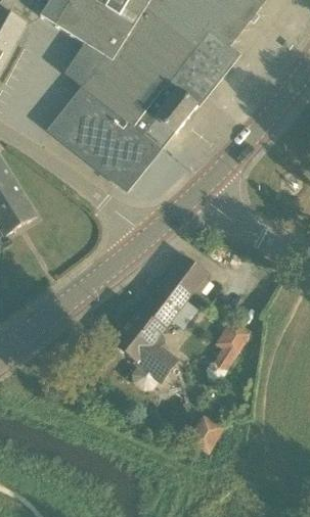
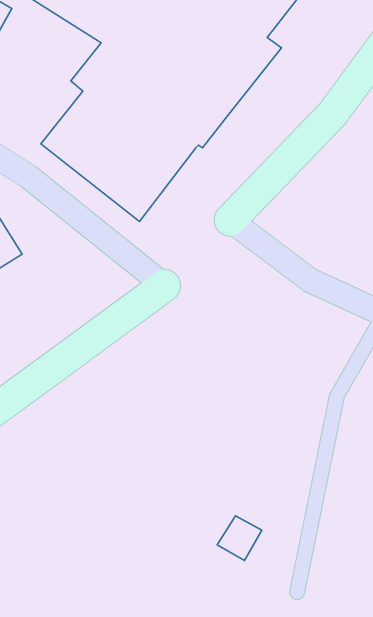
building: [113,256,206,381] -> none
building: [208,322,250,380] -> none

